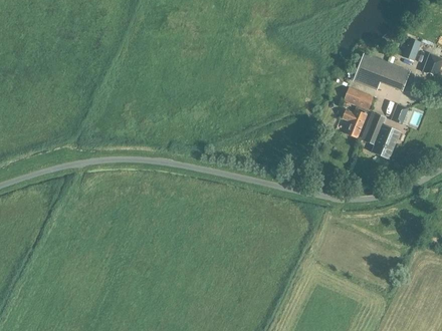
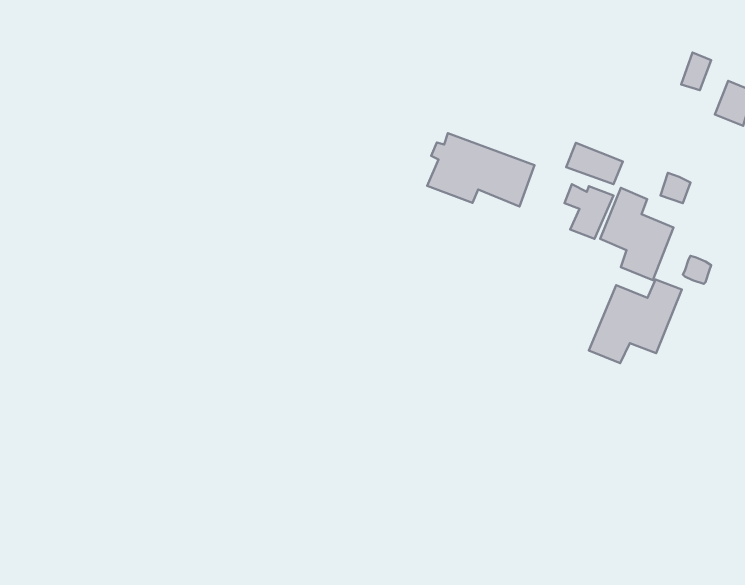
building: [354,52,411,91] -> [427,133,535,207]
building: none -> [589,279,682,363]

